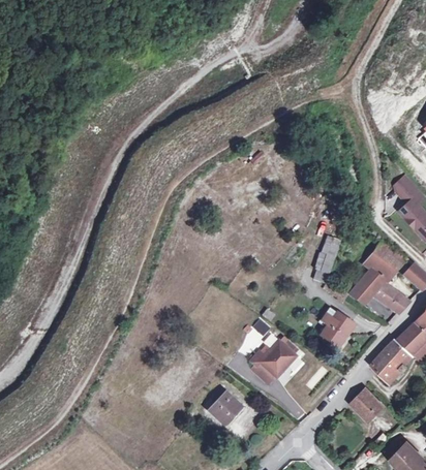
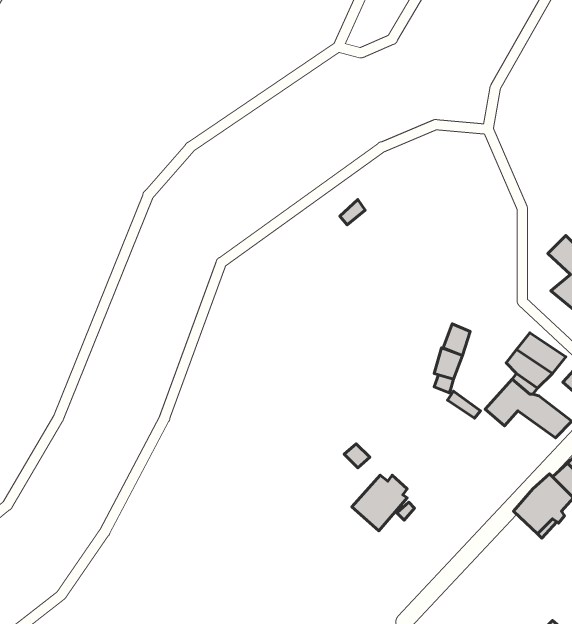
building: [320,308,353,347] -> none
building: [349,388,382,420] -> none
building: [208,391,240,424] -> none

